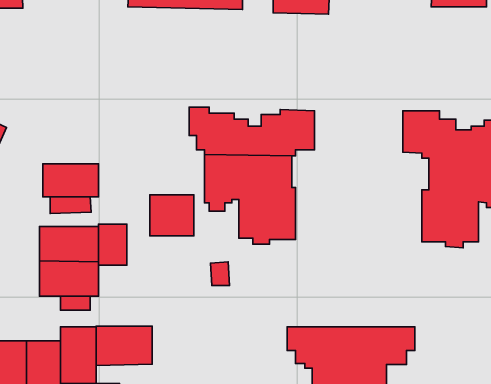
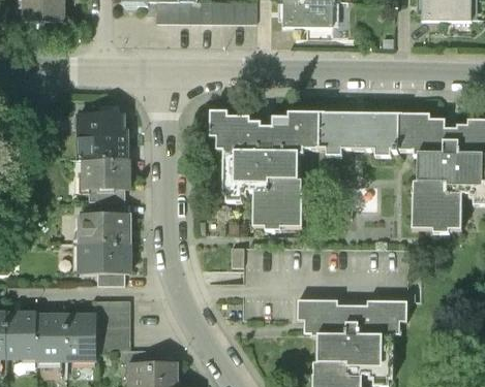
building: none -> [320,112,397,155]
building: none -> [78,115,127,159]
building: [150,195,194,236] -> none
building: [98,224,127,265] -> none
building: [96,326,152,366] -> none

